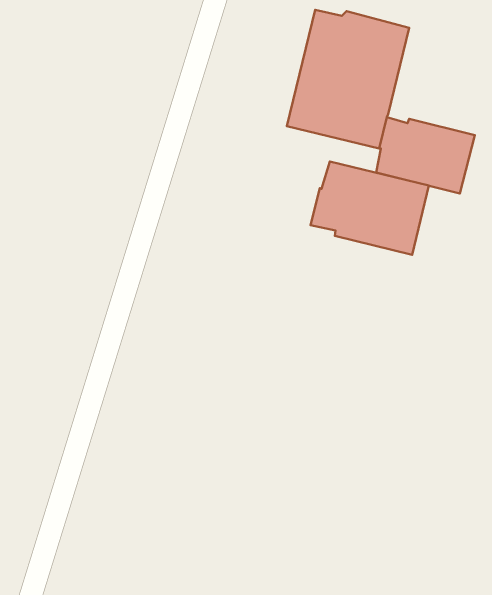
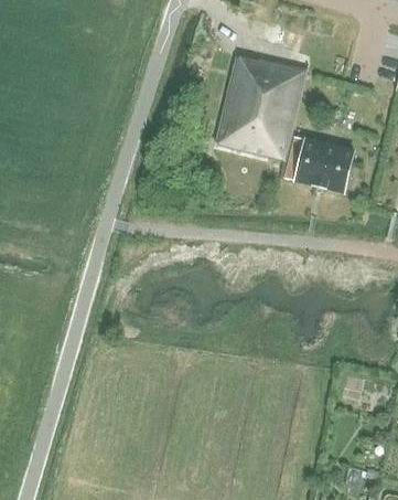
building: [311,162,429,255] -> none

